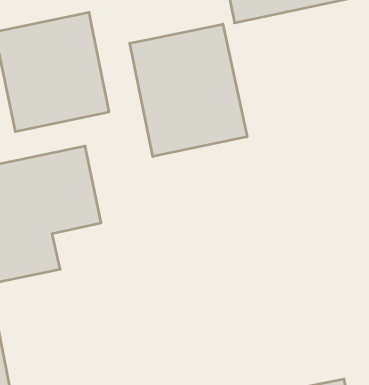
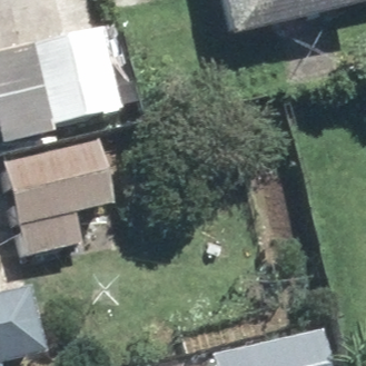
building: [130,24,247,157] -> none

